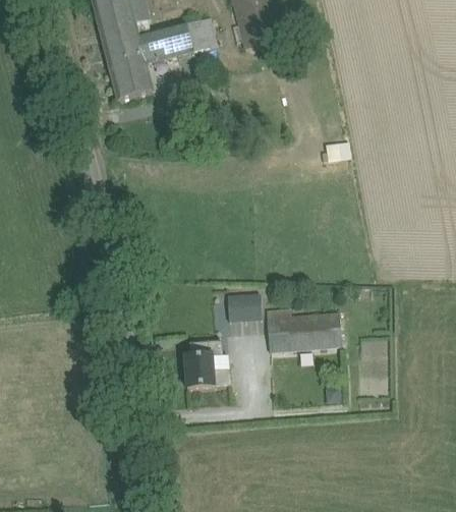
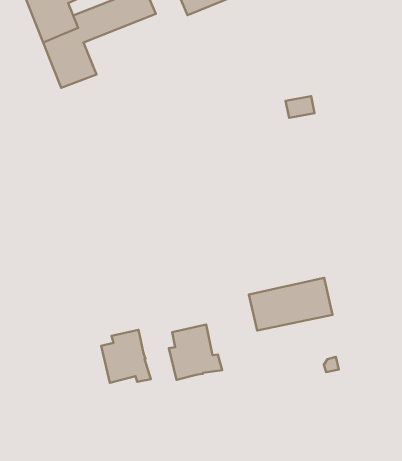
building: [226,291,262,320] -> none
building: none -> [101,330,151,383]

